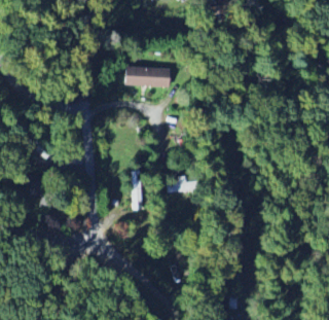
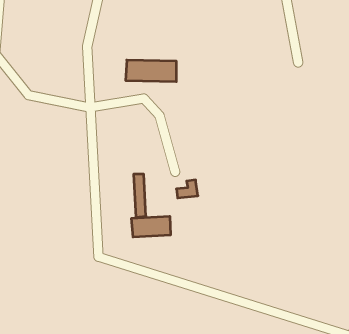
building: none -> [132,216,170,237]

